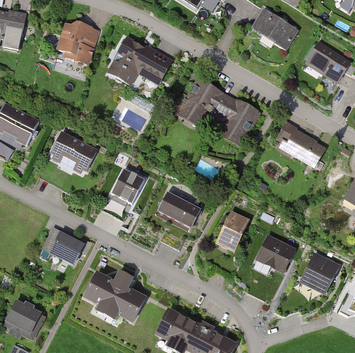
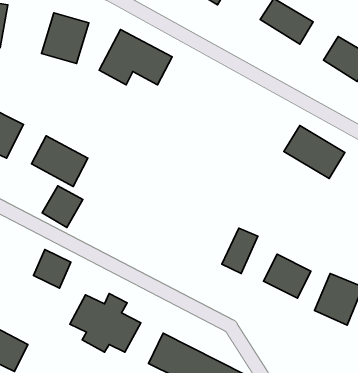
building: [178,78,260,147] -> none
building: [111,168,147,205] -> [42,186,83,228]
building: [155,191,200,231] -> none

